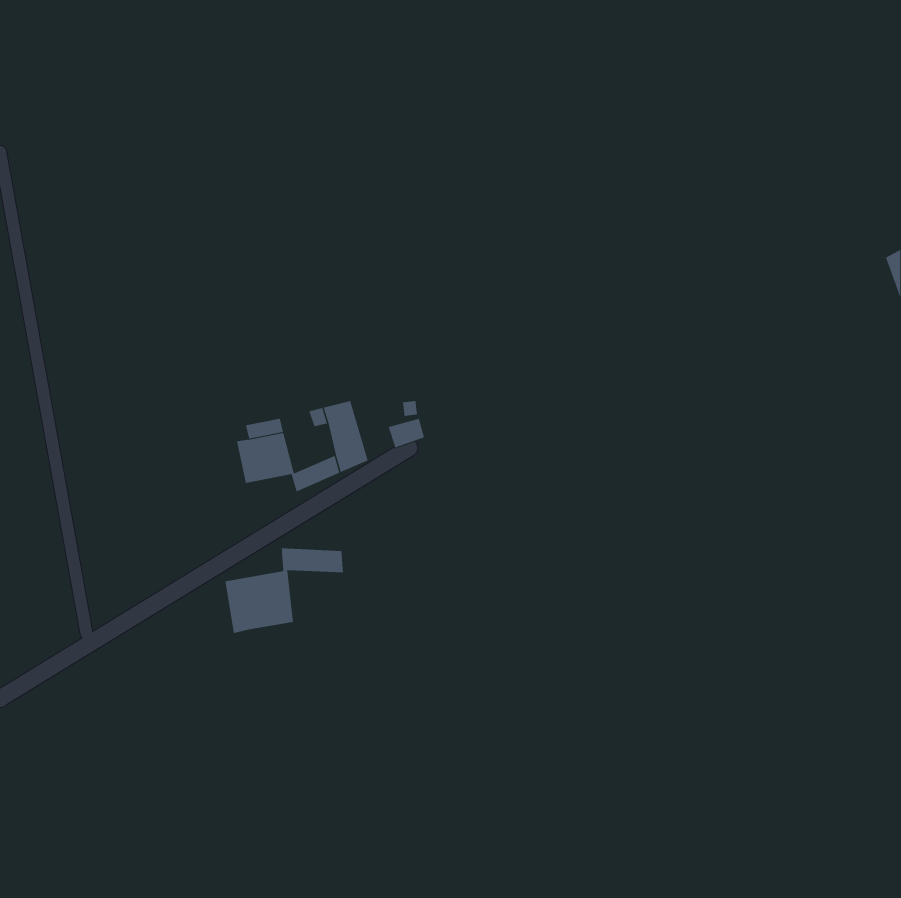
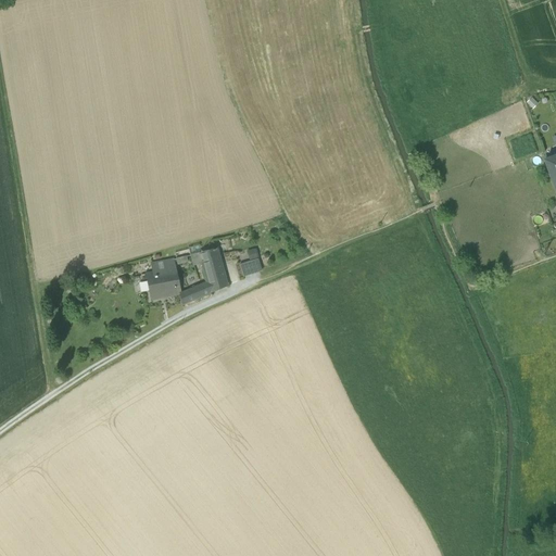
building: [225,548,343,634] -> none

